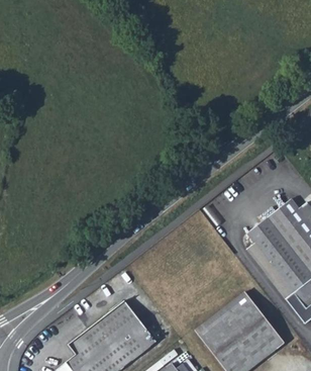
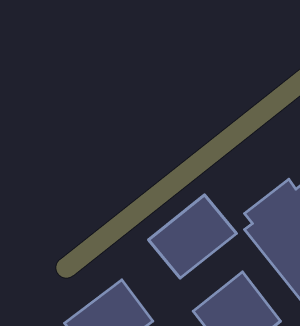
building: none -> [148,195,236,278]

